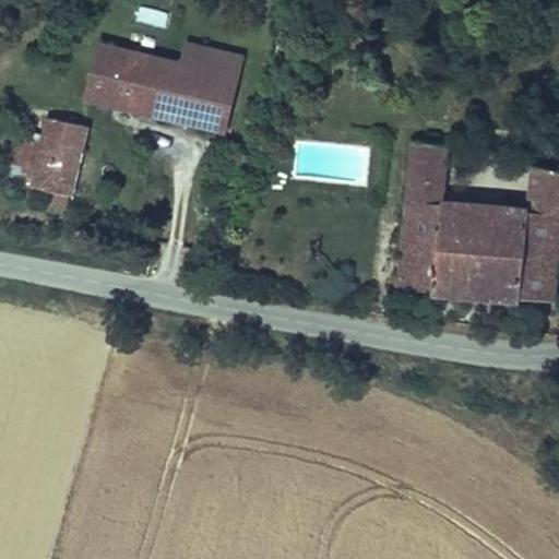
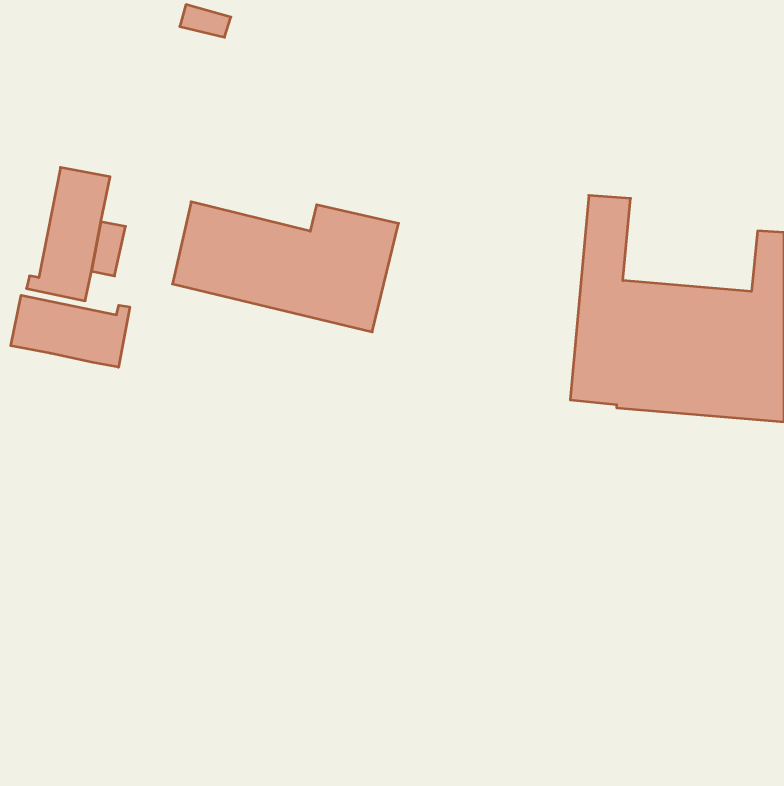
building: [85,41,245,133] -> [172,202,399,332]
building: none -> [11,295,130,367]

